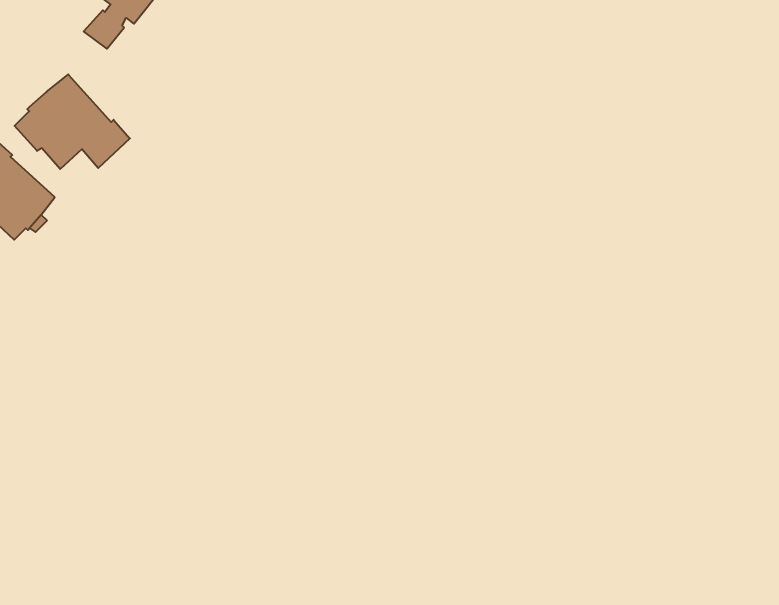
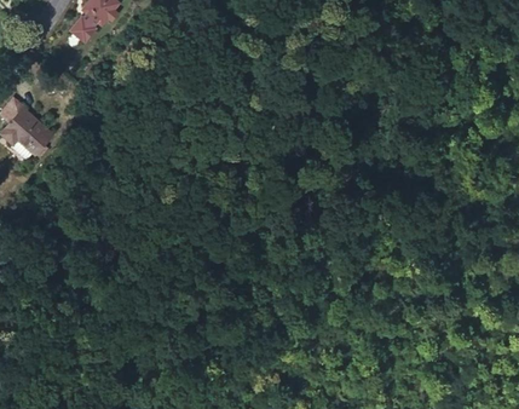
building: [15,74,130,169] -> none

